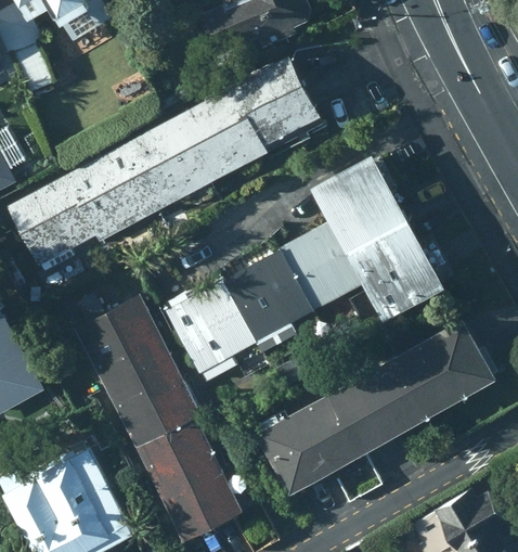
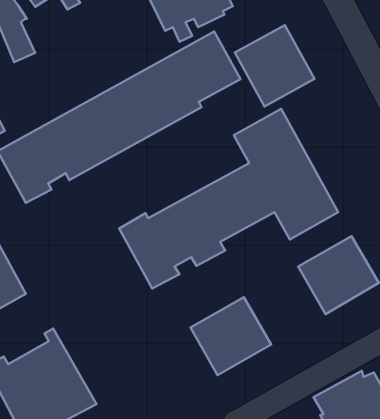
building: none -> [235,25,314,106]
building: [76,296,242,541] -> none
building: [322,356,426,455] -> none

